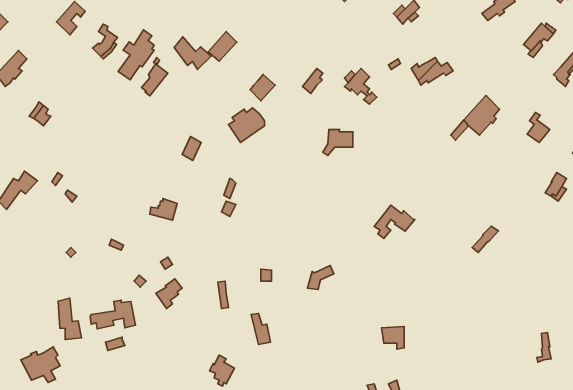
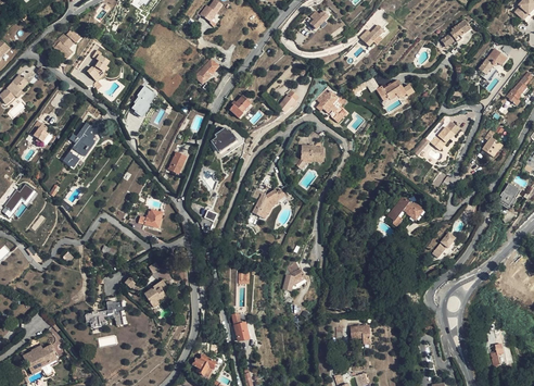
building: [118,30,154,80] -> [63,122,96,167]
building: [174,37,211,69] -> none
building: none -> [252,188,284,217]
building: [374,205,415,238] -> [387,196,424,226]
building: [58,298,82,339] -> none

